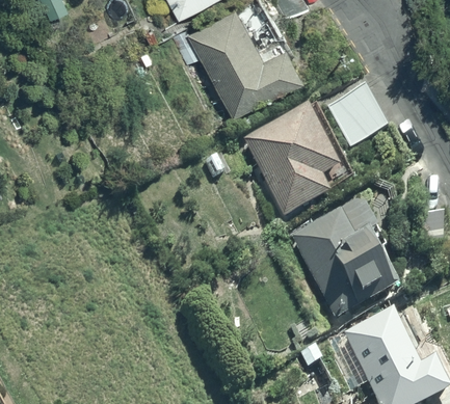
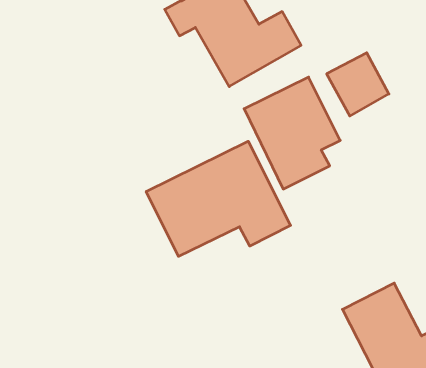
building: none -> [146,141,291,256]
building: [293,200,399,320] -> none

